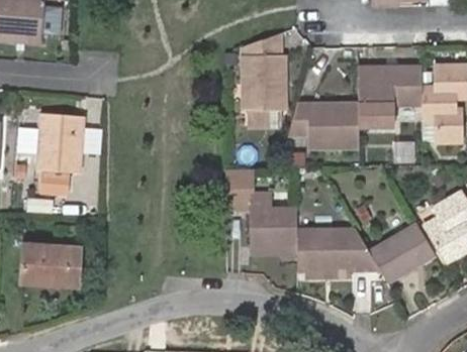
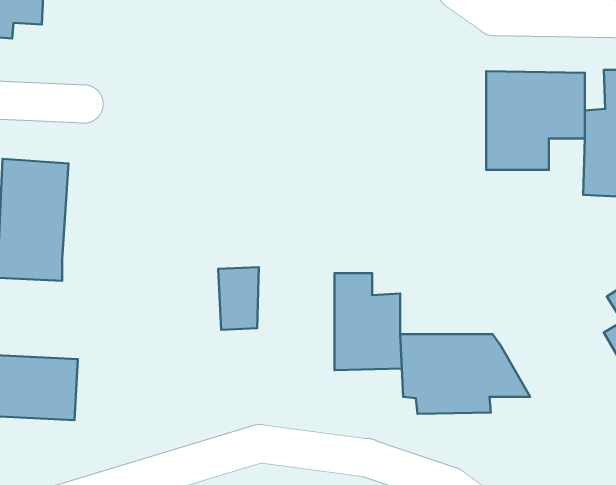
building: [240,33,280,128] -> none
building: [285,102,356,151] -> none
building: [225,170,252,211] -> [218,267,259,330]
building: [365,212,432,271] -> none

